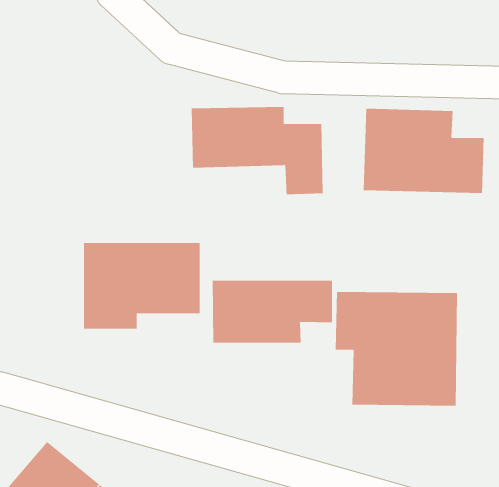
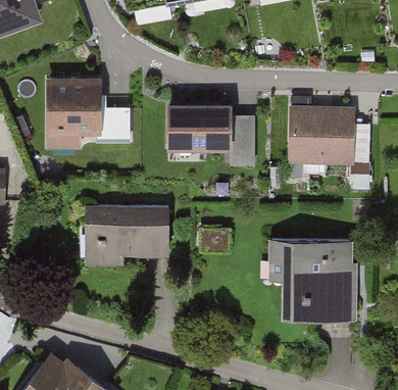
building: none -> [44,78,135,140]
building: [212,280,333,344] -> none

